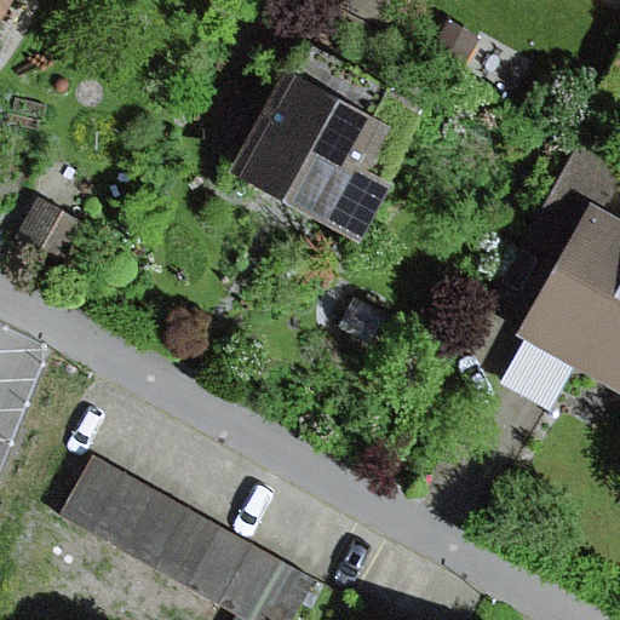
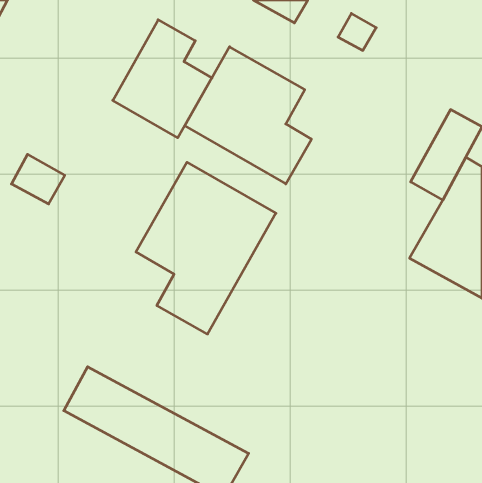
building: none -> [113,20,212,138]
building: none -> [136,162,276,334]

